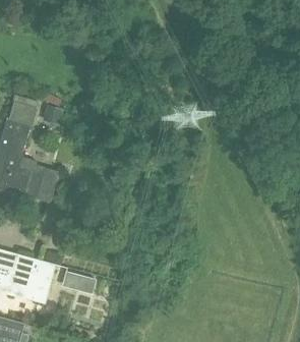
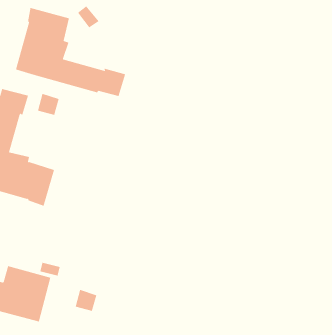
building: none -> [15,7,126,97]

